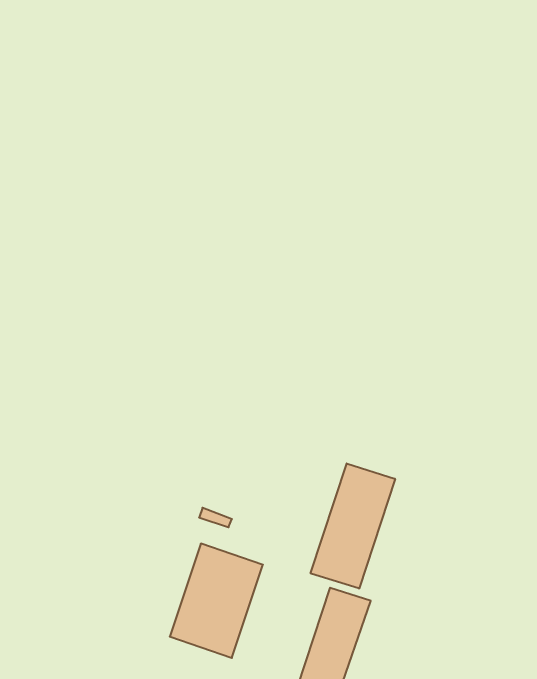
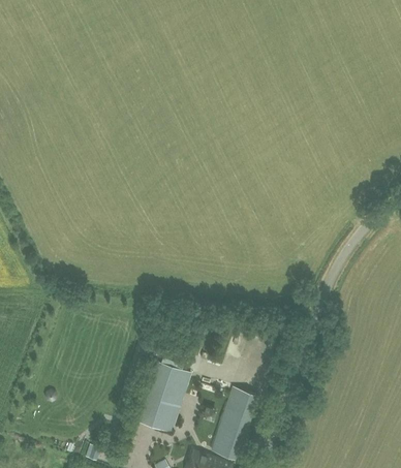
building: [311,463,395,589] -> none

